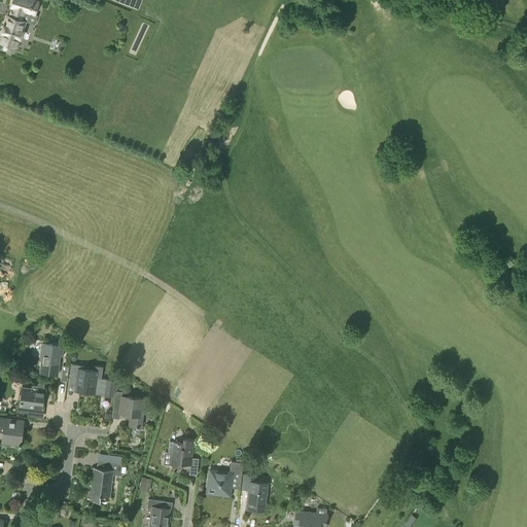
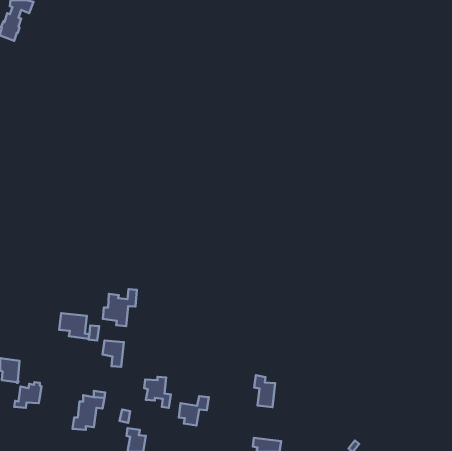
building: none -> [103,289,137,326]
building: [41,345,64,375] -> none
building: [14,384,46,414] -> [14,382,42,408]
building: [242,475,267,512] -> [254,375,275,407]

